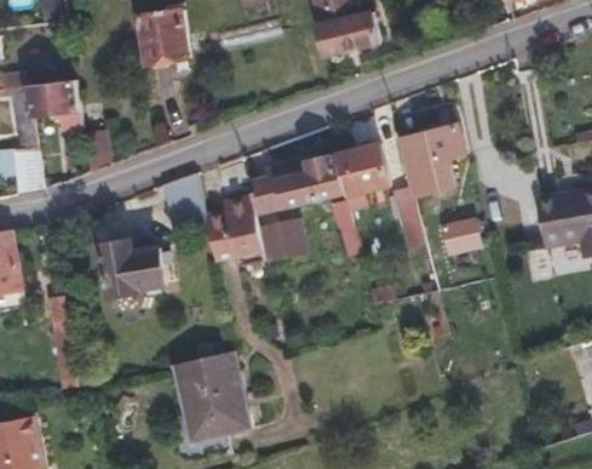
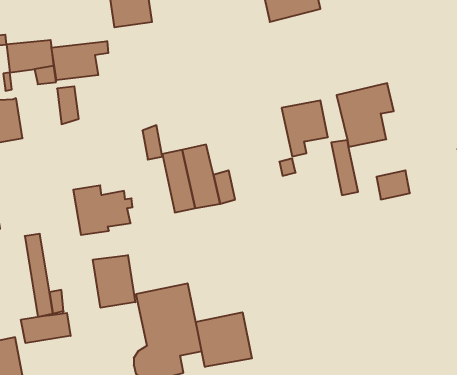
building: none -> [52,41,108,80]
building: [247,159,338,215] -> none
building: none -> [93,255,135,308]
building: none -> [196,312,252,367]
building: none -> [21,313,71,343]

